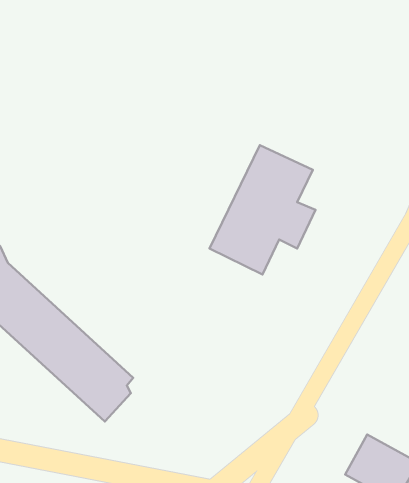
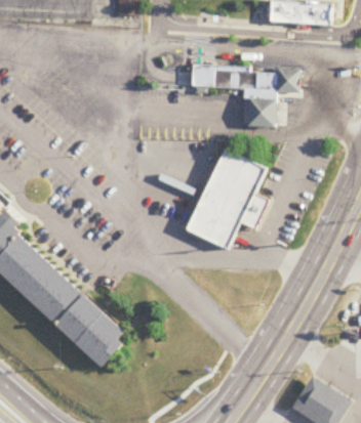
building: none -> [189,66,298,127]

